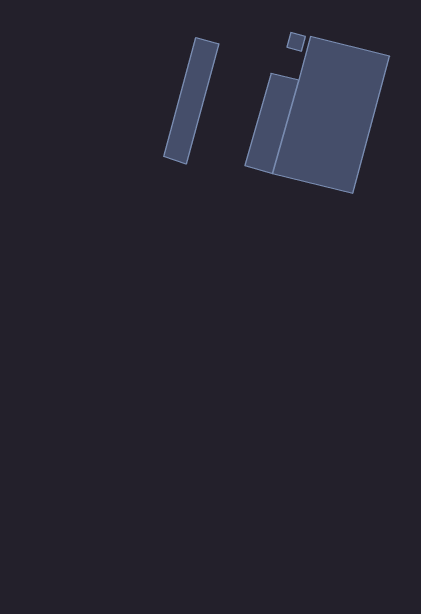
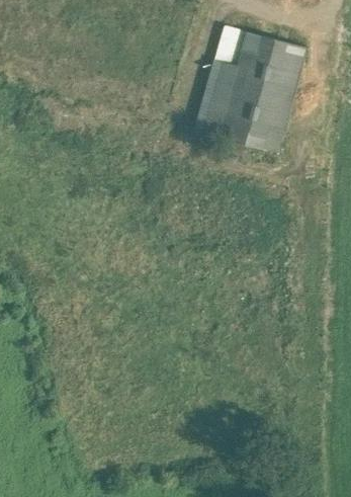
building: [164,38,219,164] -> none

